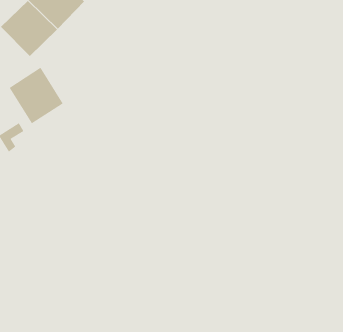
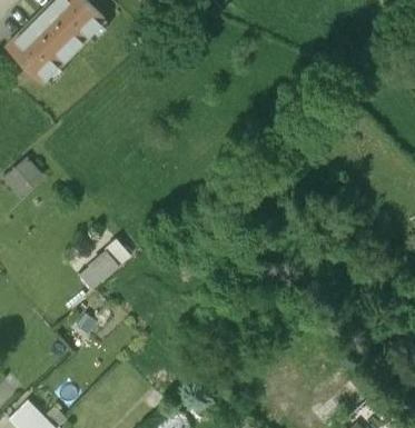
building: [9,67,64,124] -> none
building: none -> [78,236,132,289]

